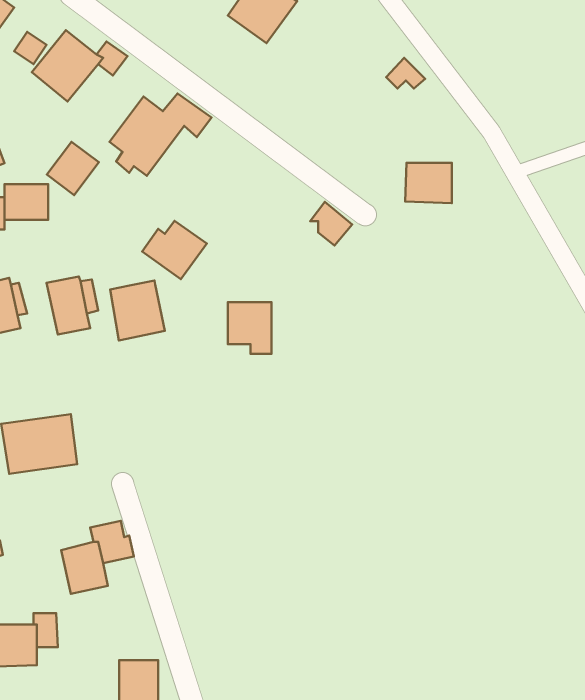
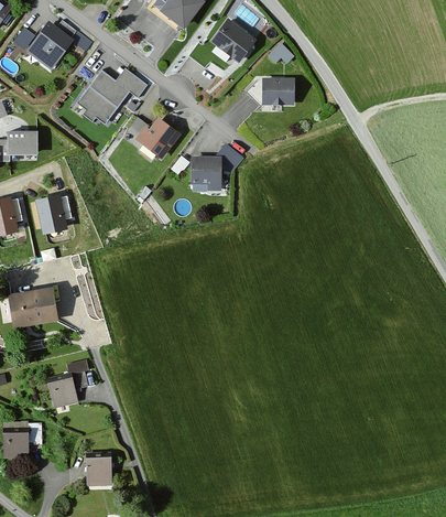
building: none -> [208,22,255,67]
building: [47,142,99,195] -> none
building: [405,163,452,203] -> [261,80,293,108]
building: [142,221,207,279] -> [135,118,180,158]
building: [110,280,165,340] -> none
building: [228,302,272,354] -> [191,155,220,191]

